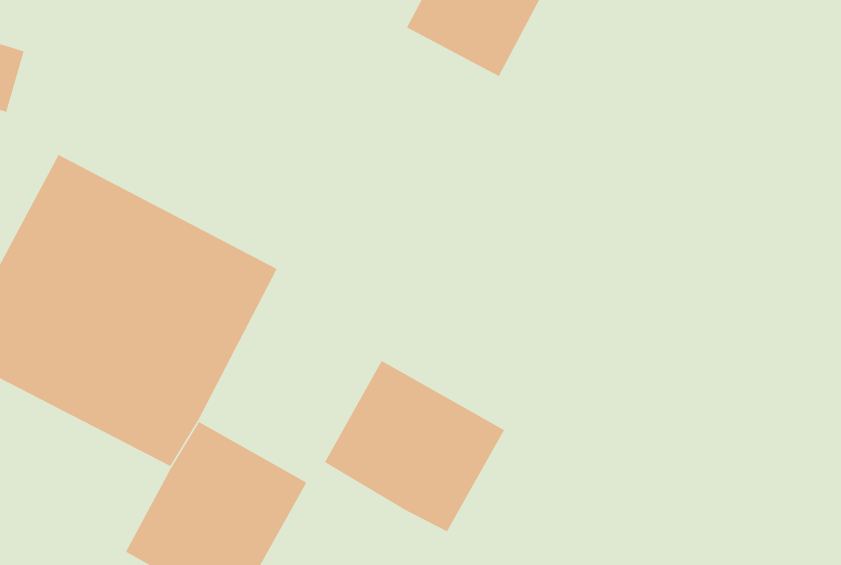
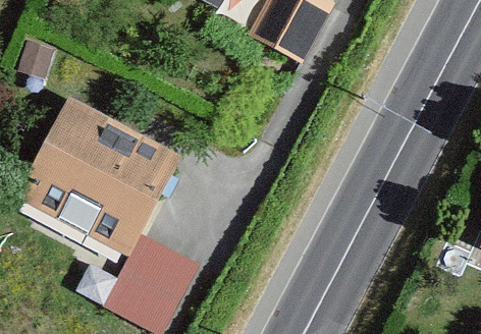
building: [324,360,505,532] -> none

